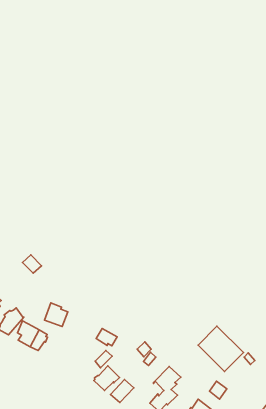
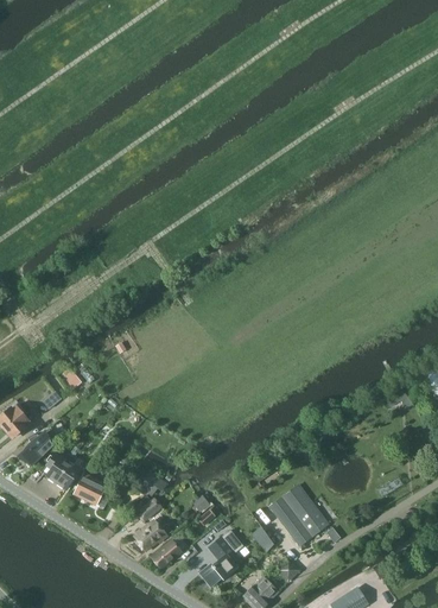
building: [45,303,68,326] -> [74,474,104,506]

